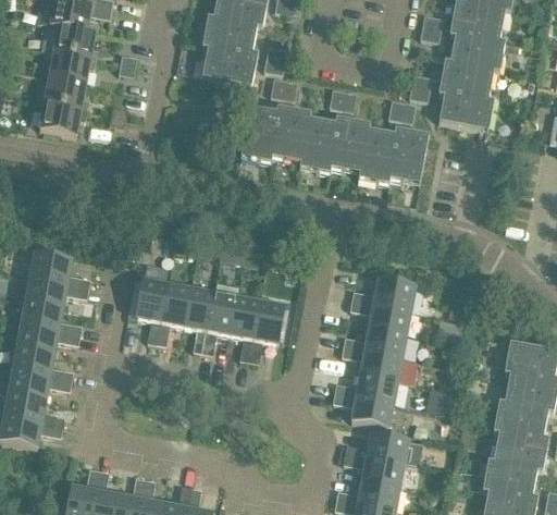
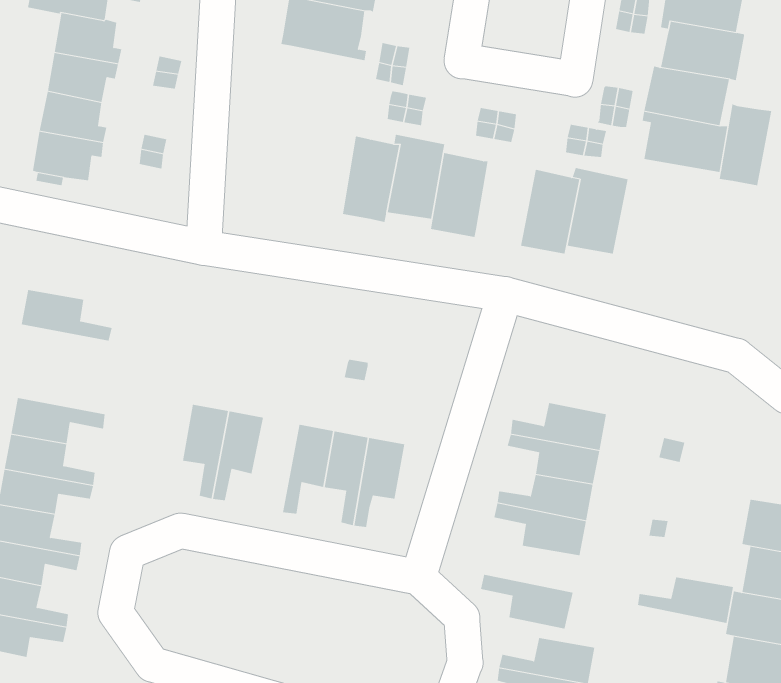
building: [202,47,257,85] -> none
building: none -> [719,103,772,186]
building: [330,115,369,172] -> none
building: [29,254,89,287] -> [21,289,112,341]
building: [183,290,213,352] -> none
building: [334,373,397,404] -> [637,577,734,623]

